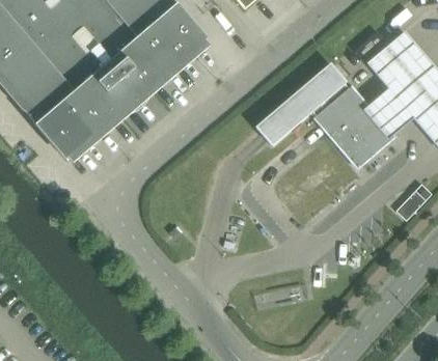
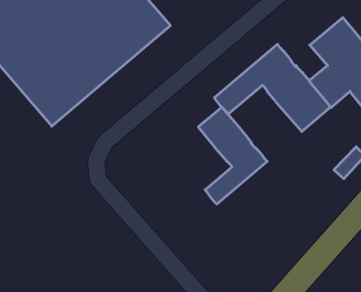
building: none -> [198,107,267,204]

